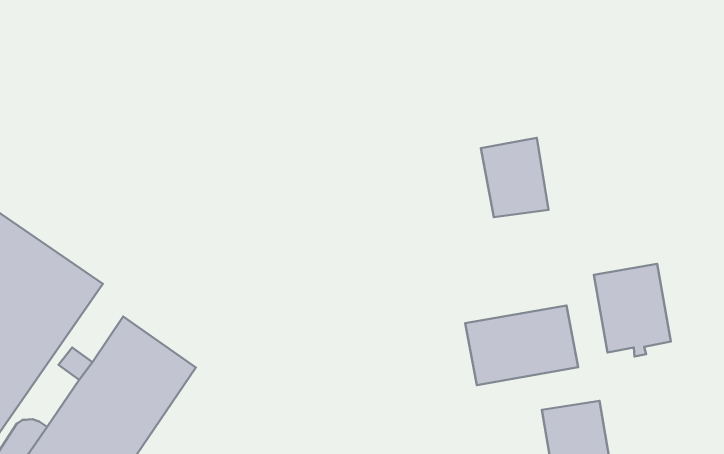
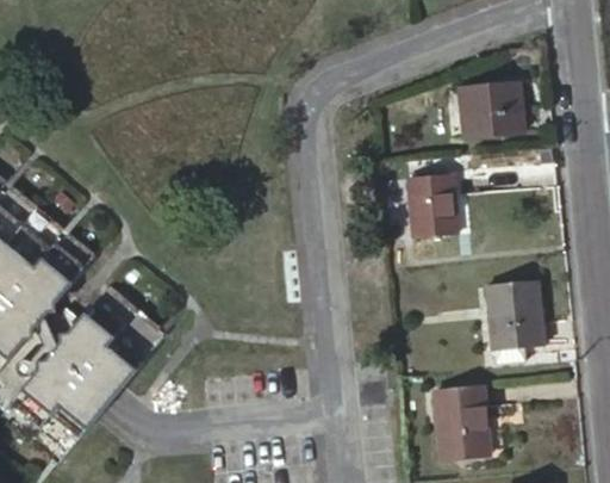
building: none -> [454,81,519,137]
building: [465,305,578,385] -> none

